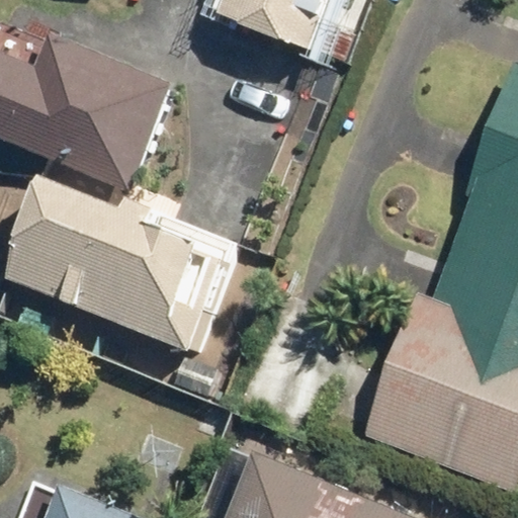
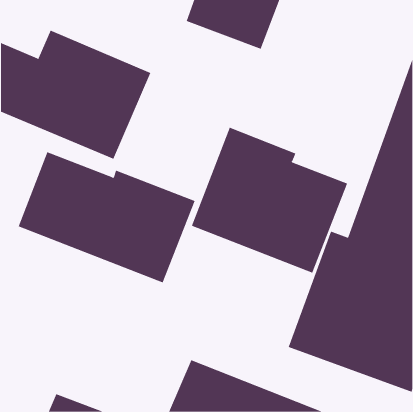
building: none -> [191,127,348,274]

